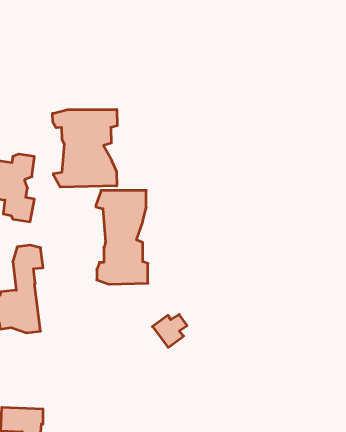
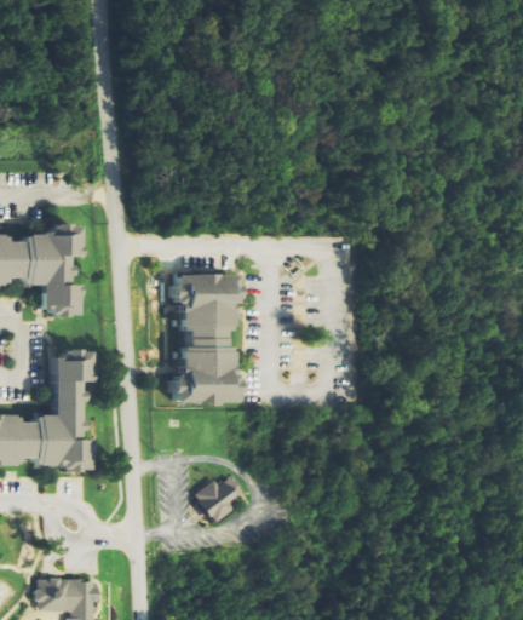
building: [53,109,117,187] -> none
building: [152,314,187,347] -> [192,477,241,523]

